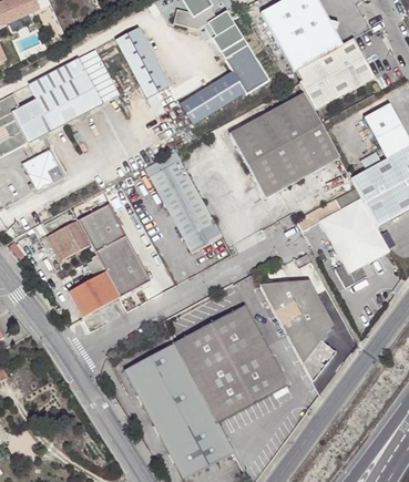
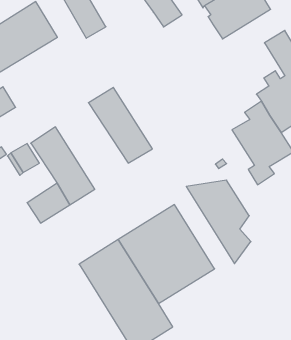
building: [180,72,245,126] -> none
building: [229,92,339,198] -> none

